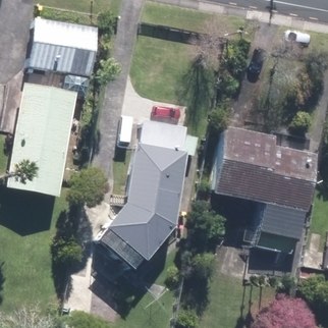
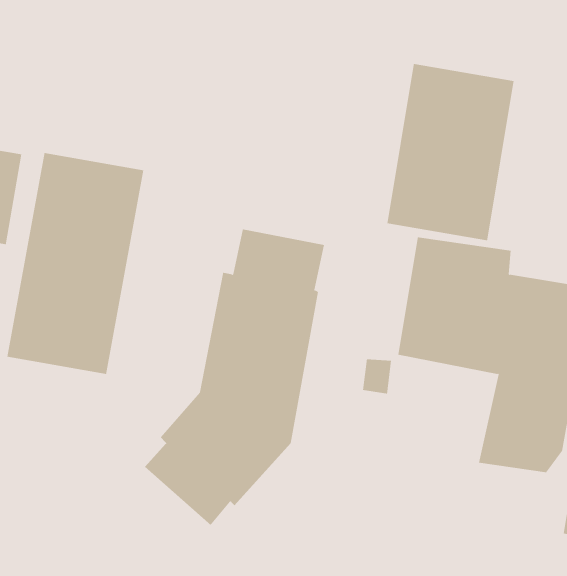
building: [34,18,102,76] -> none
building: none -> [387,63,514,241]

